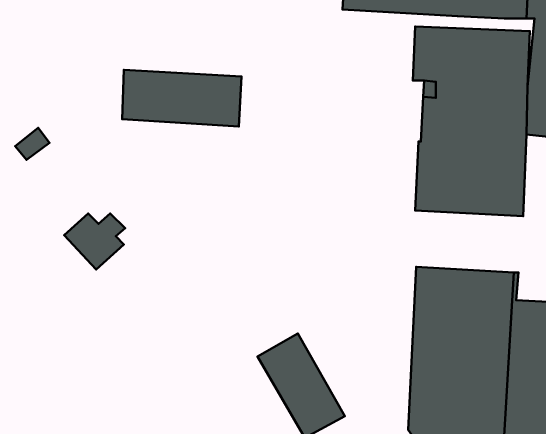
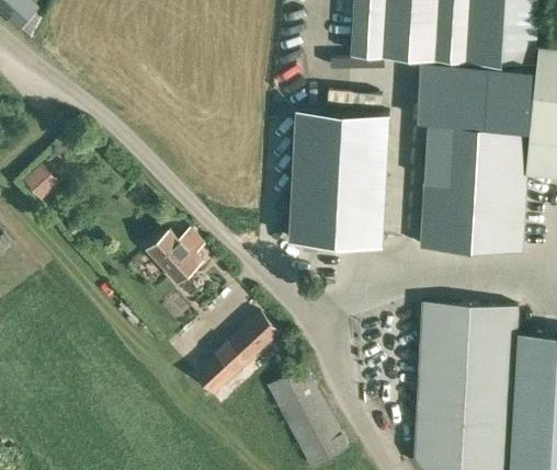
building: none -> [288,111,389,249]
building: [122,70,242,127] -> none
building: [64,213,125,270] -> [146,232,204,286]
building: none -> [193,316,277,397]

